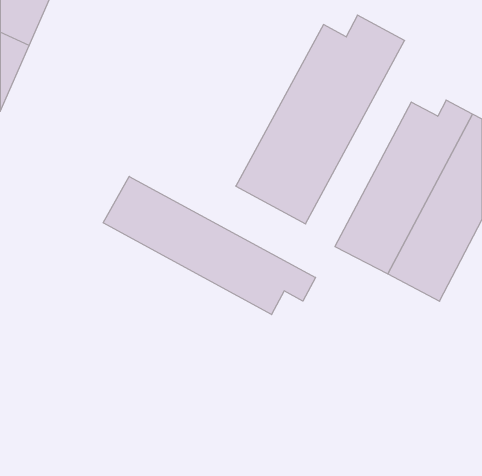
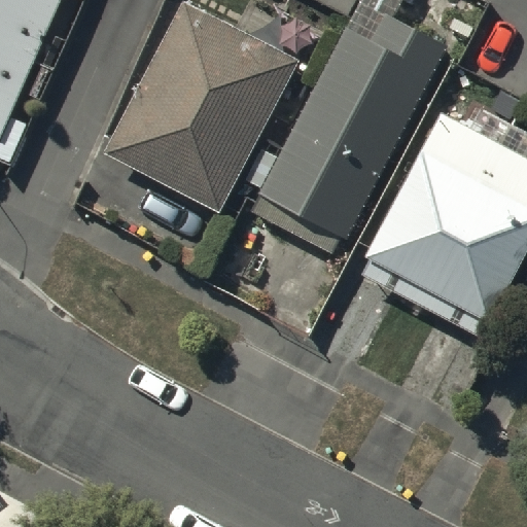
building: none -> [115,5,296,203]
building: [103,176,316,315] -> none

